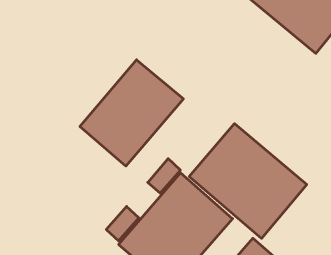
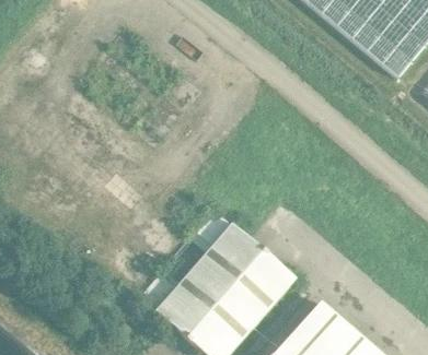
building: [80,60,183,166] -> none
building: [189,124,307,238] -> none

